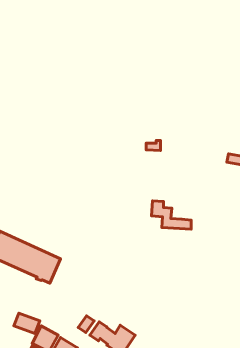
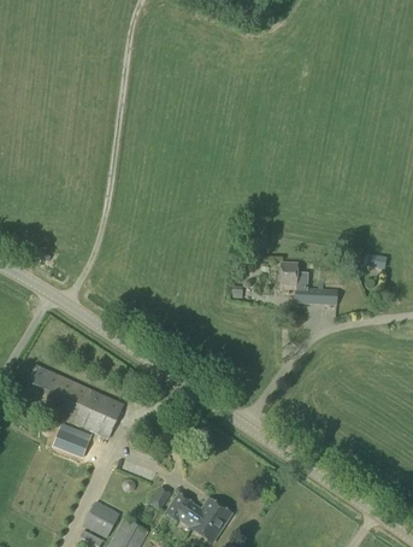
building: [152,201,191,229] -> [281,261,337,302]
building: [14,313,40,333] -> [53,427,90,455]

